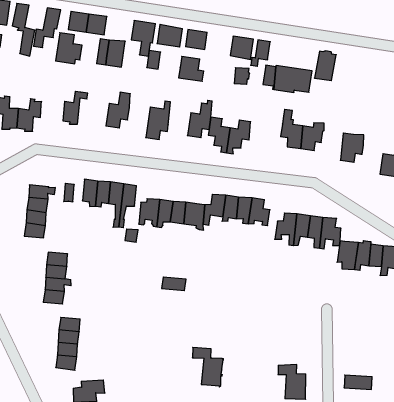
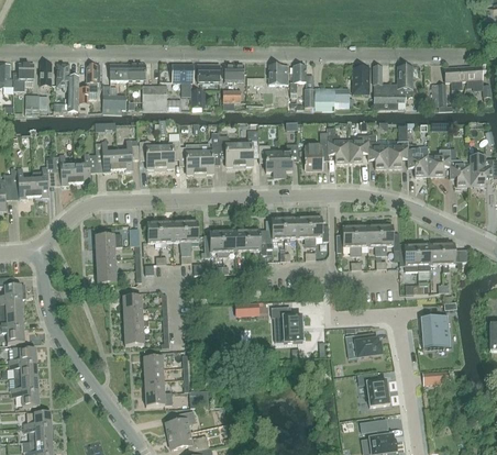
building: none -> [373,66,412,109]
building: none -> [95,141,118,173]
building: none -> [139,142,159,169]
building: none -> [179,144,199,174]
building: none -> [218,140,239,166]
building: none -> [305,142,328,170]
building: none -> [367,142,388,168]
building: none -> [407,147,428,176]
building: none -> [420,314,450,348]
building: none -> [354,332,380,357]
building: [192,347,223,387] -> [270,307,302,342]

